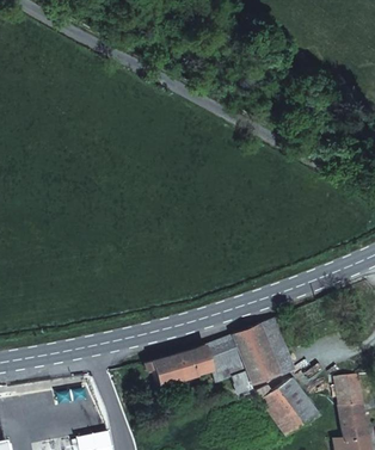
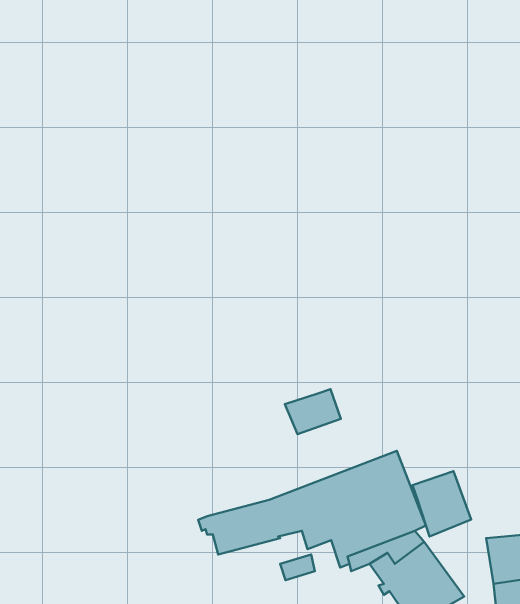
building: none -> [285,389,341,434]
building: none -> [413,471,471,537]

